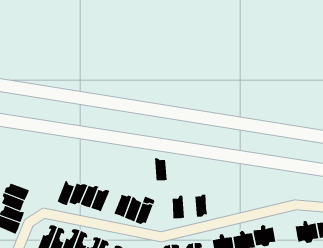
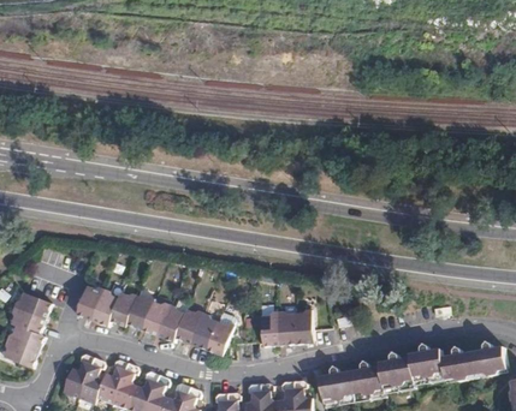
building: [154,158,167,181] -> [277,310,296,344]
building: none -> [76,285,103,320]
building: none -> [156,304,184,341]
building: none -> [409,342,443,377]

